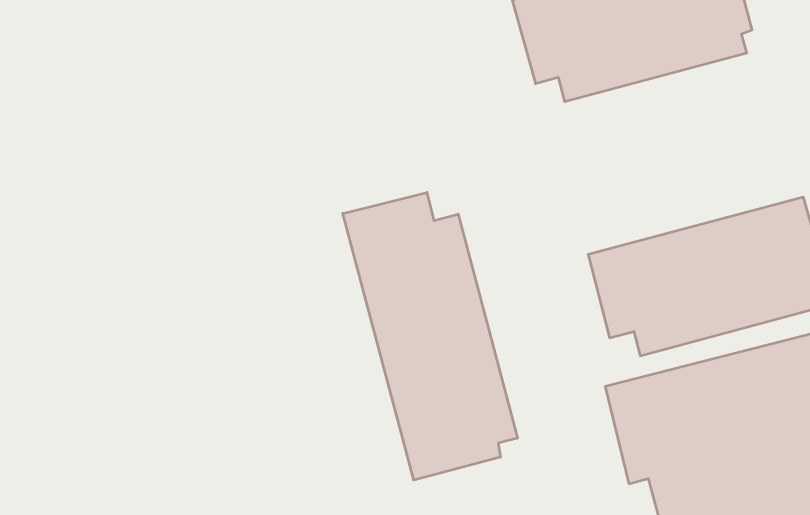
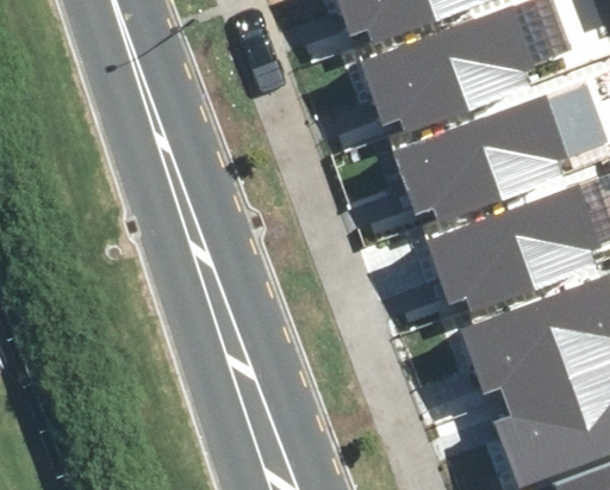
building: none -> [397,95,567,216]
building: [343,192,517,480] -> none

